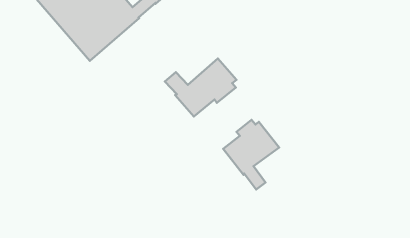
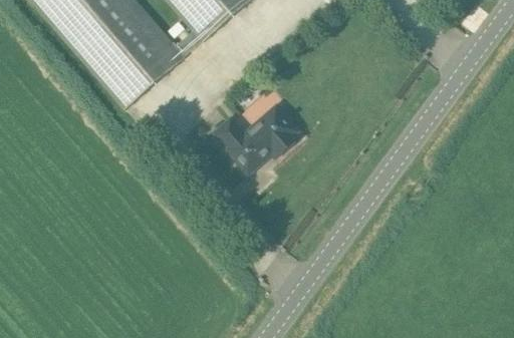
building: [223,120,279,190] -> none

